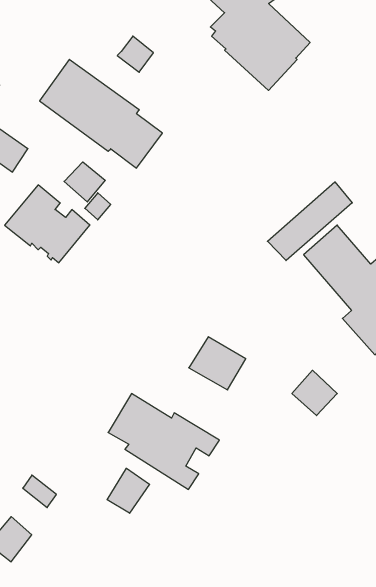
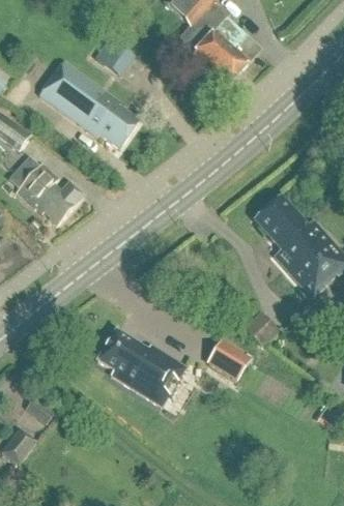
building: [64,162,105,202] -> none
building: [267,182,352,261] -> none
building: [189,337,246,390] -> [206,337,252,380]
building: [107,468,150,513] -> none

